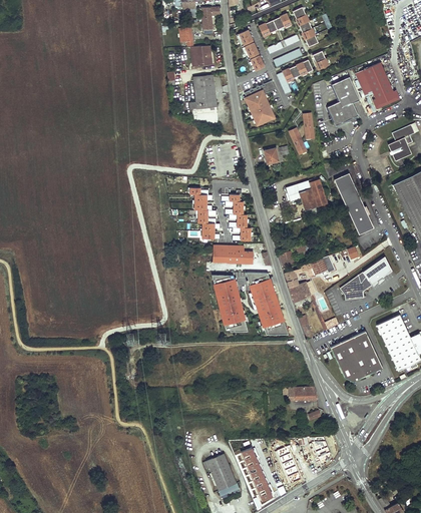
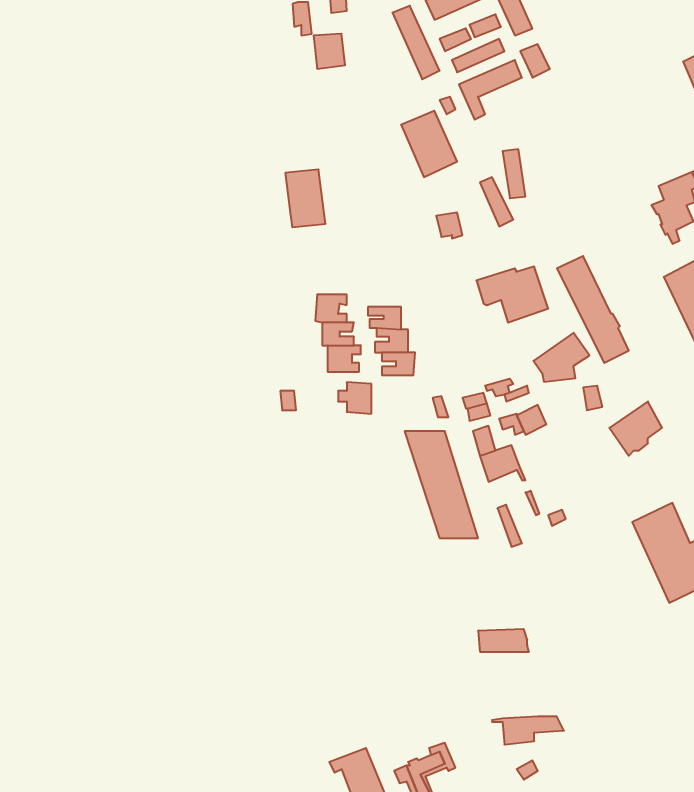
building: [360,61,396,106] -> none
building: [193,75,217,108] -> [285,169,326,227]
building: [326,77,358,123] -> none
building: [227,243,253,263] -> none
building: [340,271,372,299] -> [533,333,589,382]
building: [213,275,249,331] -> none
building: [330,331,382,383] -> none

